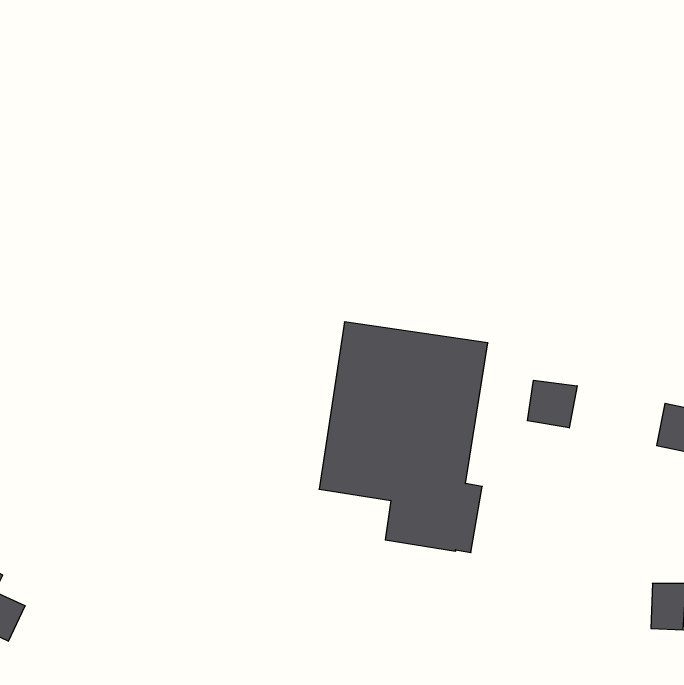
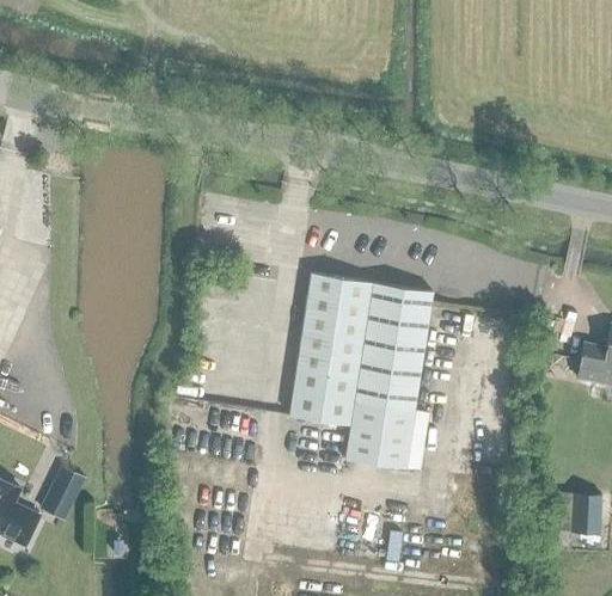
building: [527,380,577,428] -> none
building: none -> [41,469,82,522]

